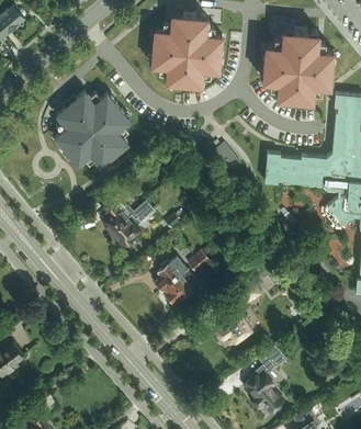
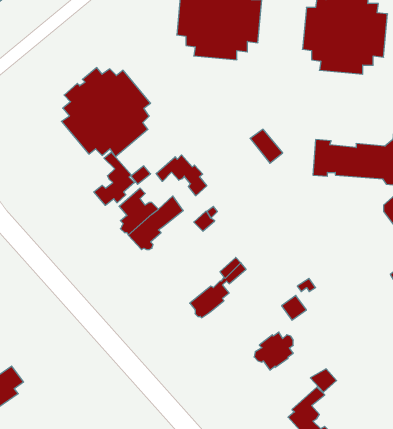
building: none -> [94,152,135,205]
building: none -> [156,155,207,196]
building: [155,258,189,291] -> none

